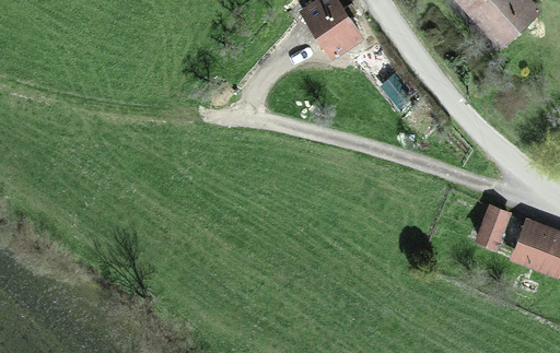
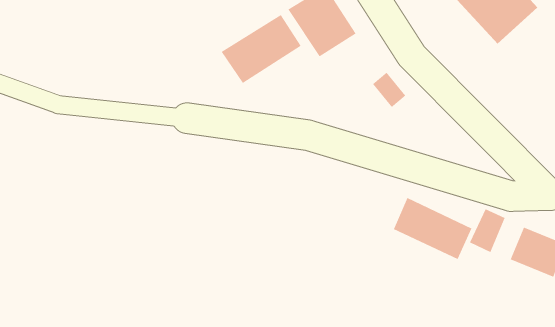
building: none -> [221,14,302,84]
building: none -> [393,197,472,260]

